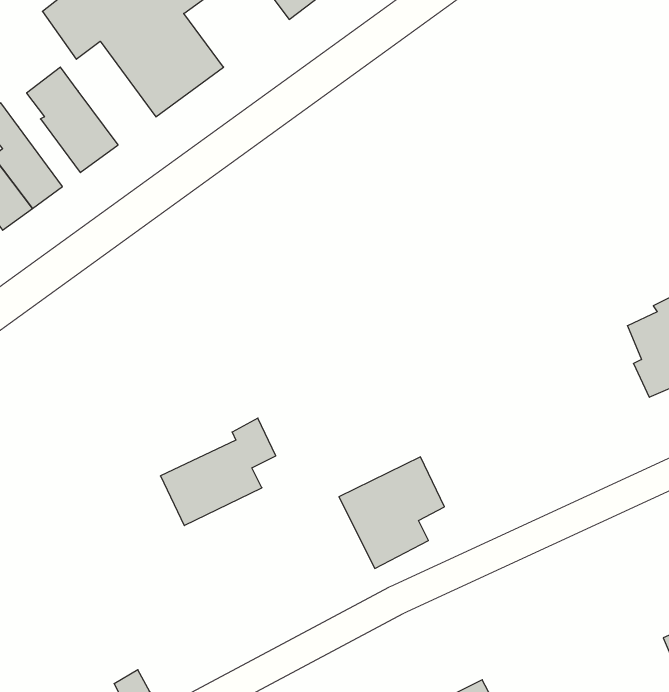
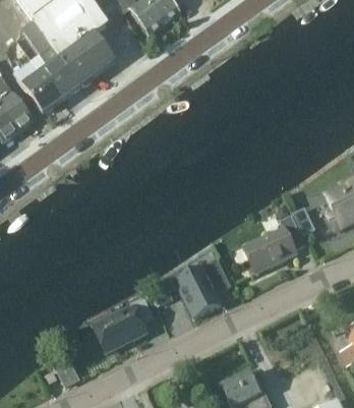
building: none -> [41,45,81,98]
building: none -> [240,213,304,271]
building: [160,418,276,526] -> [94,295,153,350]

